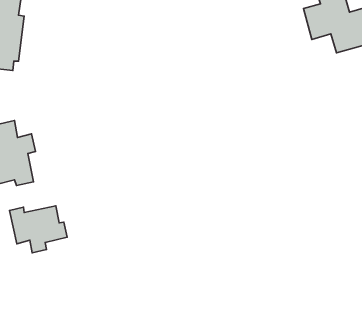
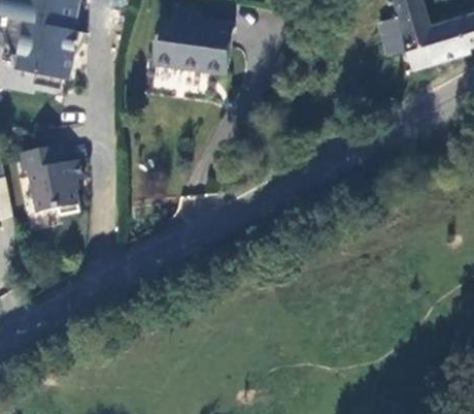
building: none -> [155,14,231,75]
building: [9,206,67,253] -> none

